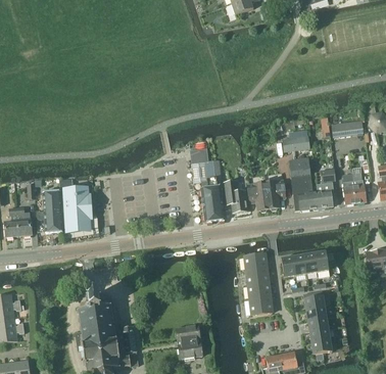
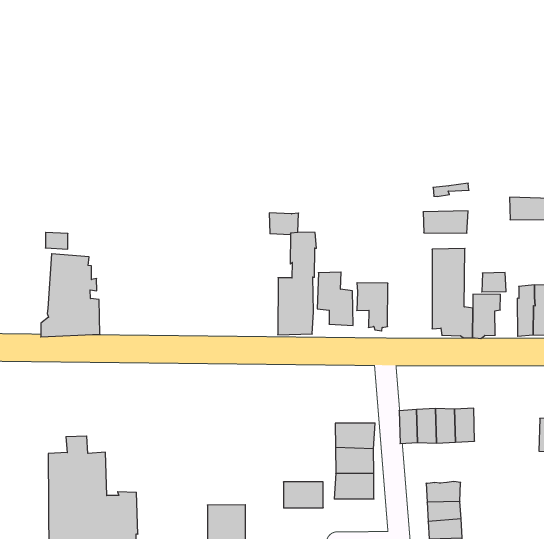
building: [266,180,285,211] -> none
building: [43,190,64,232] -> none
building: [243,251,269,270] -> [283,482,323,508]

